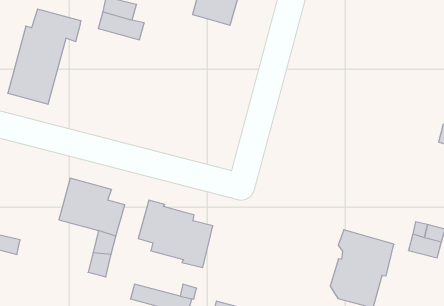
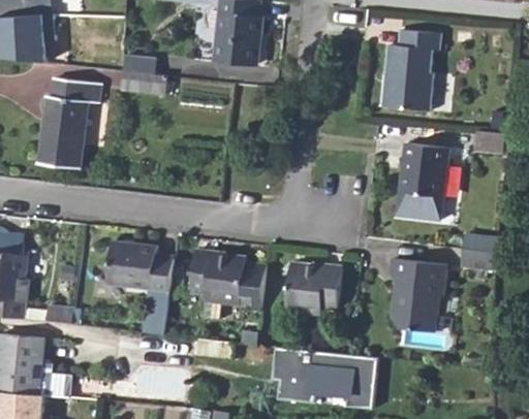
building: none -> [382,28,439,108]
building: none -> [397,140,447,218]
building: none -> [285,267,339,317]

